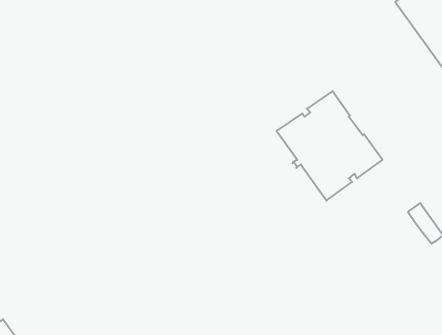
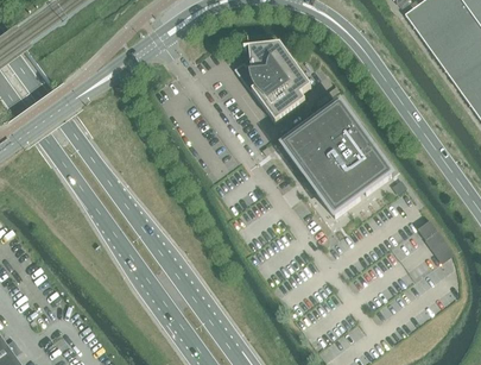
building: none -> [241,39,310,121]

